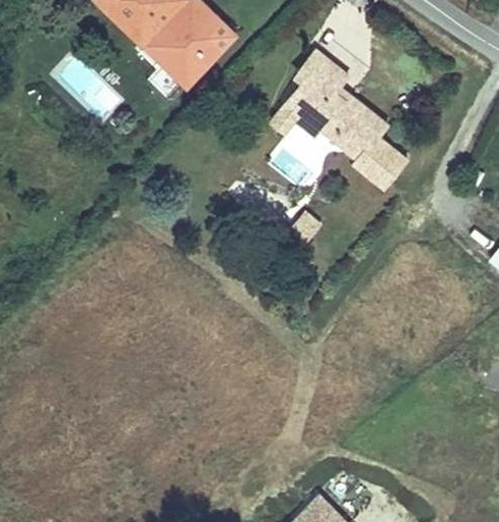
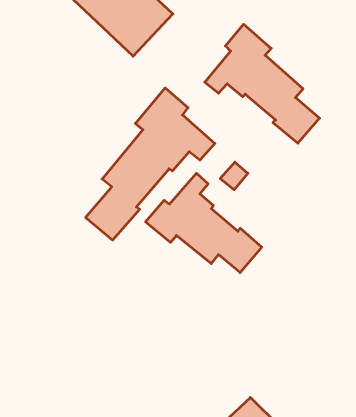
building: none -> [86,88,215,240]
building: none -> [146,173,262,273]

